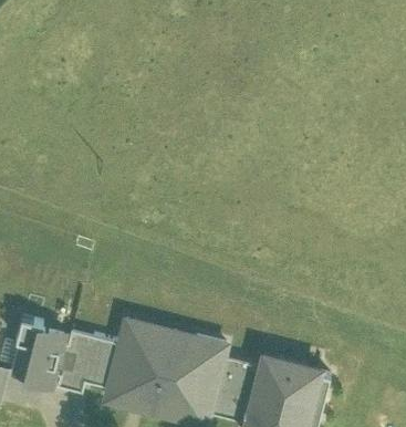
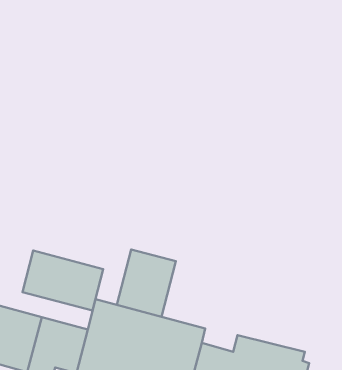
building: none -> [117,250,176,317]
building: none -> [23,251,103,311]

